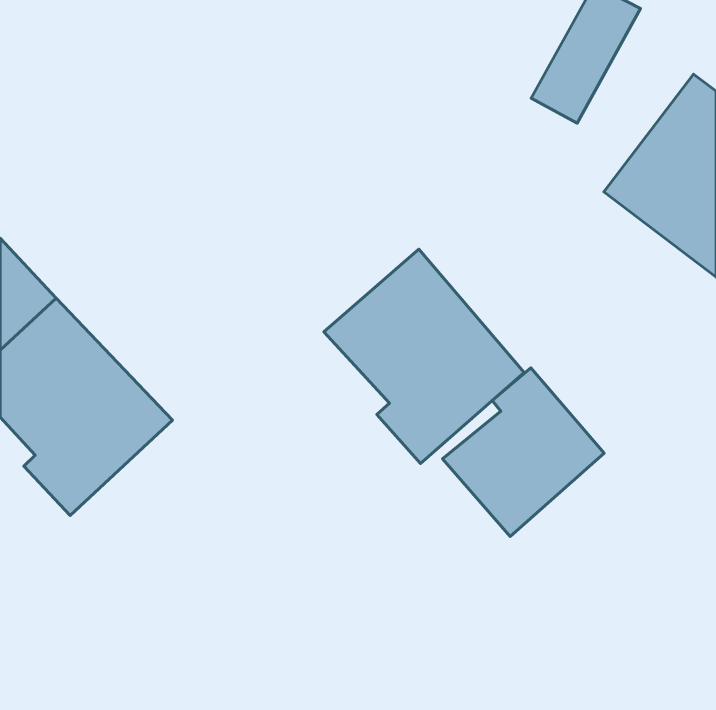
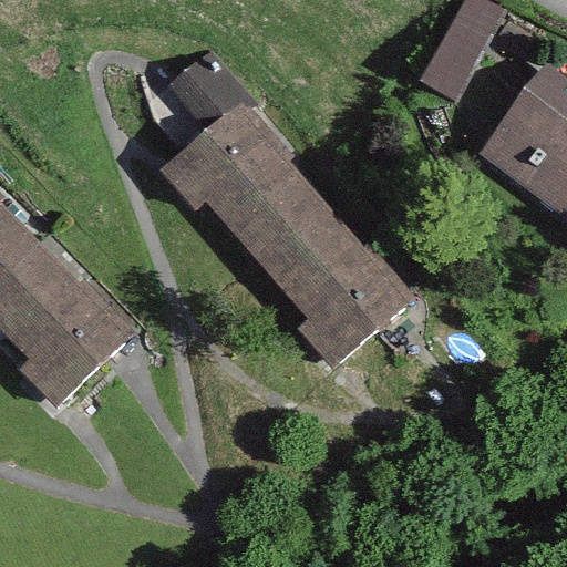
building: none -> [162,58,331,262]
building: [442,368,604,537] -> none

